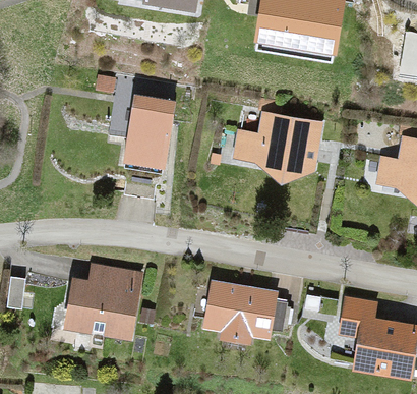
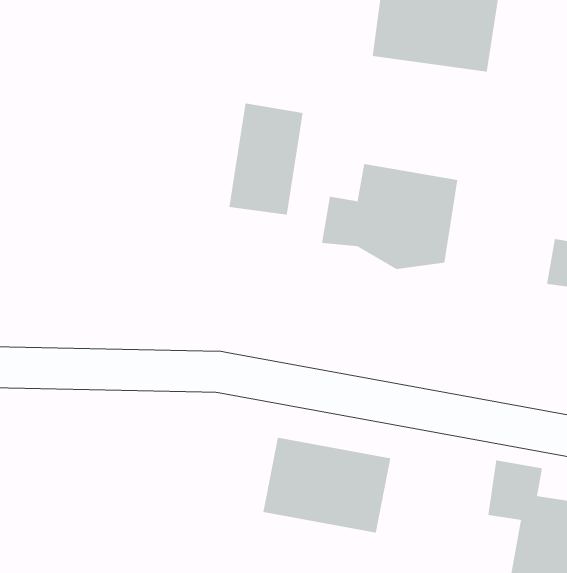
building: [123,96,170,166] -> [229,103,304,215]
building: [65,267,139,334] -> none

